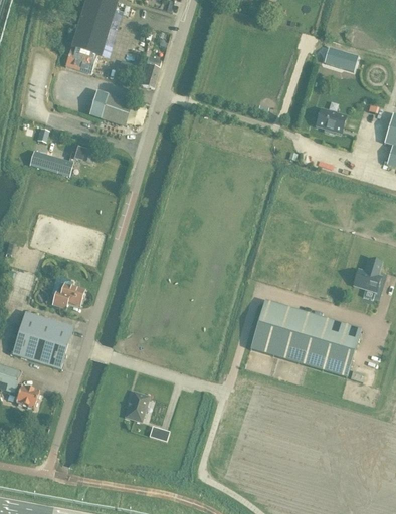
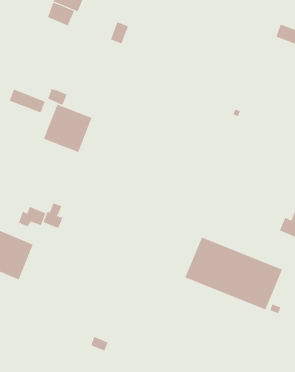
building: [90,92,130,122] -> none
building: [315,107,346,133] -> none
building: none -> [43,104,92,153]
building: none -> [43,203,63,229]
building: [125,391,149,421] -> none

